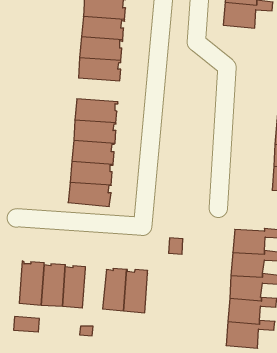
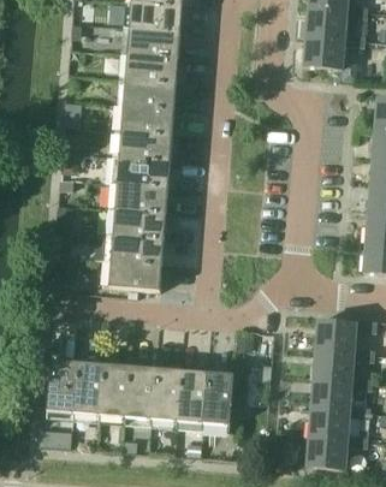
building: none -> [119,129,173,159]
building: none -> [126,366,156,418]
building: none -> [204,372,245,426]

